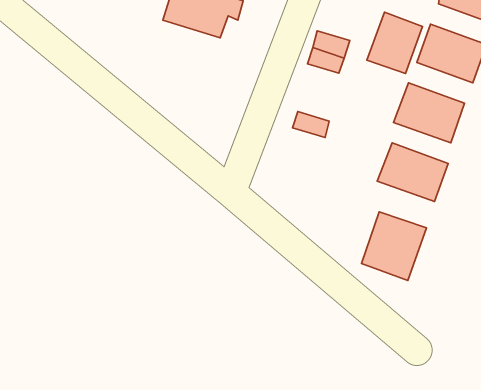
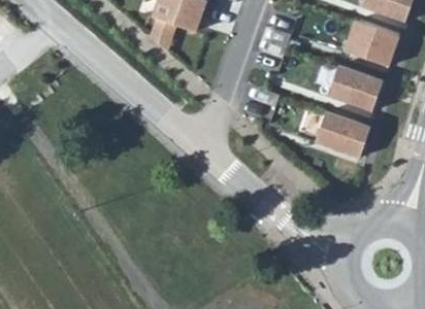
building: [367,12,422,73] -> none
building: [361,212,426,281] -> none

